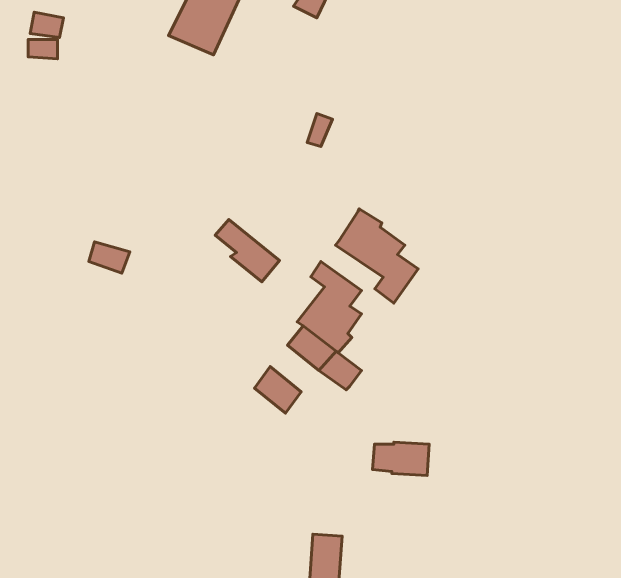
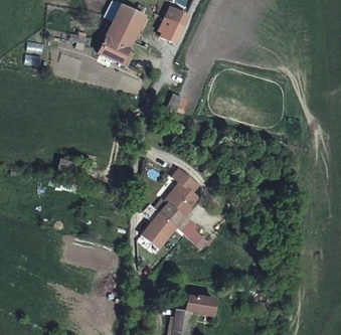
building: [336,209,418,303] -> none
building: [215,219,279,282] -> [143,204,176,236]
building: [372,442,429,475] -> [181,295,210,312]

